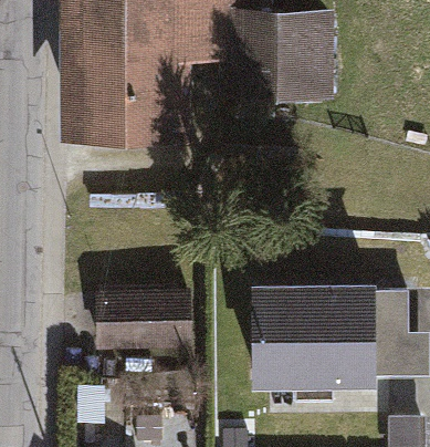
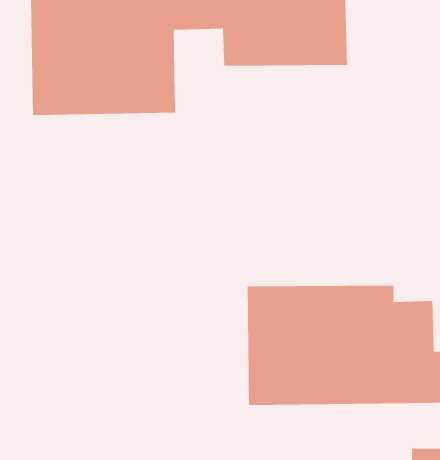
building: [96,295,191,357] -> none

